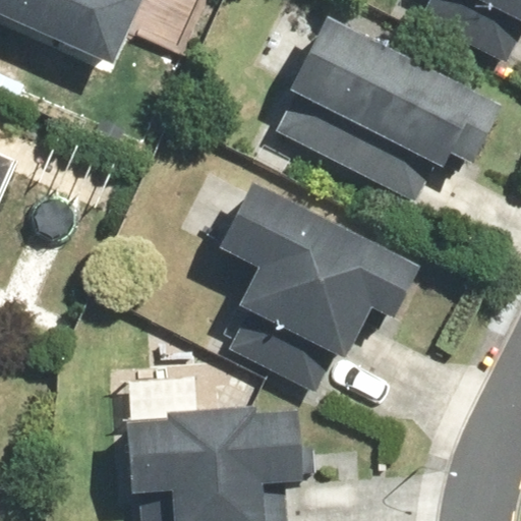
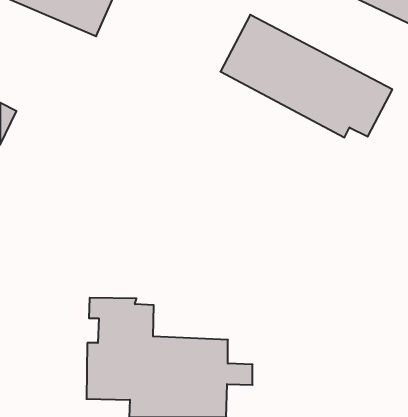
building: [202,170,420,359] -> none

